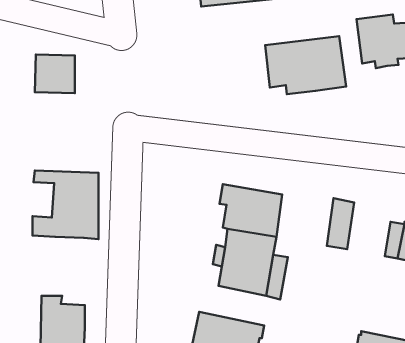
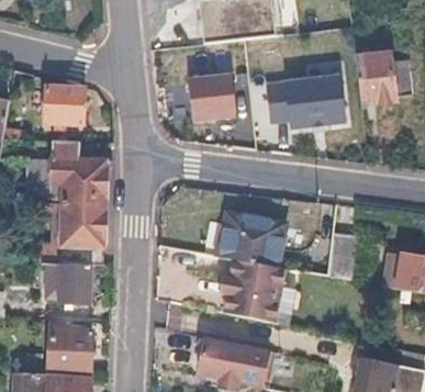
building: none -> [190,74,237,121]
building: none -> [27,143,107,204]
building: none -> [63,266,92,305]

